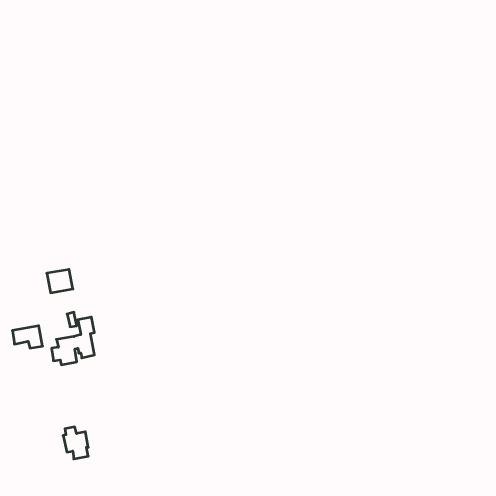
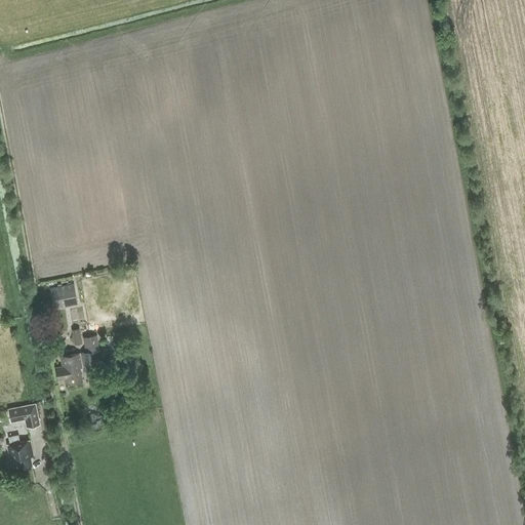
building: [12,326,43,348] -> [7,404,39,428]
building: [63,427,88,459] -> [5,436,32,470]

